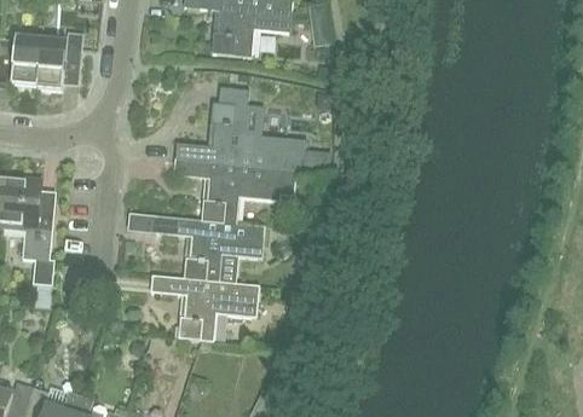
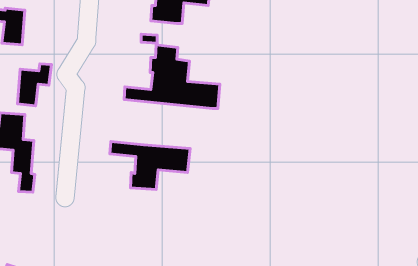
building: [37,30,83,87] -> [18,64,51,106]
building: [173,158,295,222] -> none
building: [150,274,258,340] -> none

